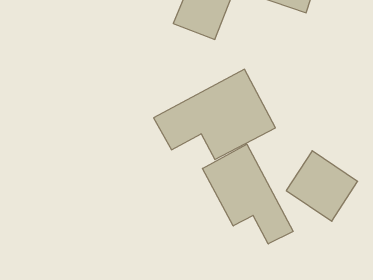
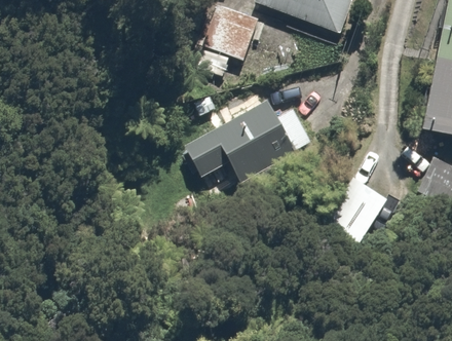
building: [202,144,293,244] -> none

